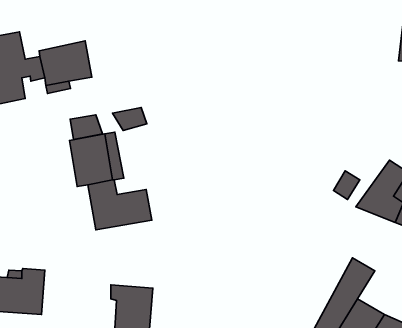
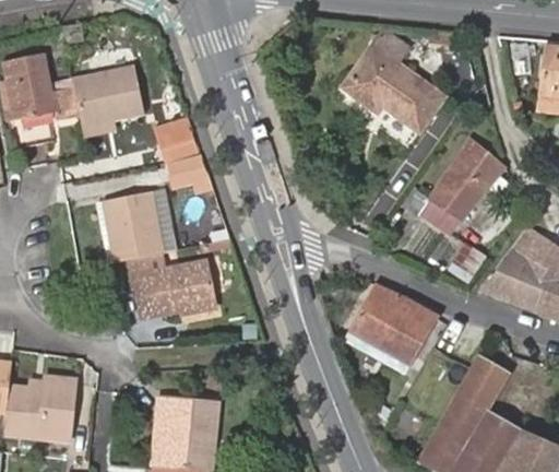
building: none -> [343,45,445,132]
building: none -> [421,139,506,234]
building: [70,115,102,140] -> [156,132,199,165]
building: none -> [350,286,440,364]

